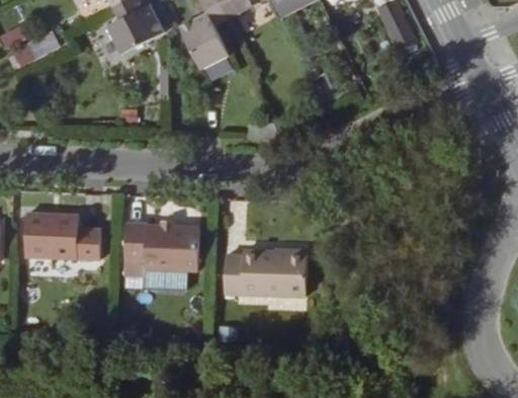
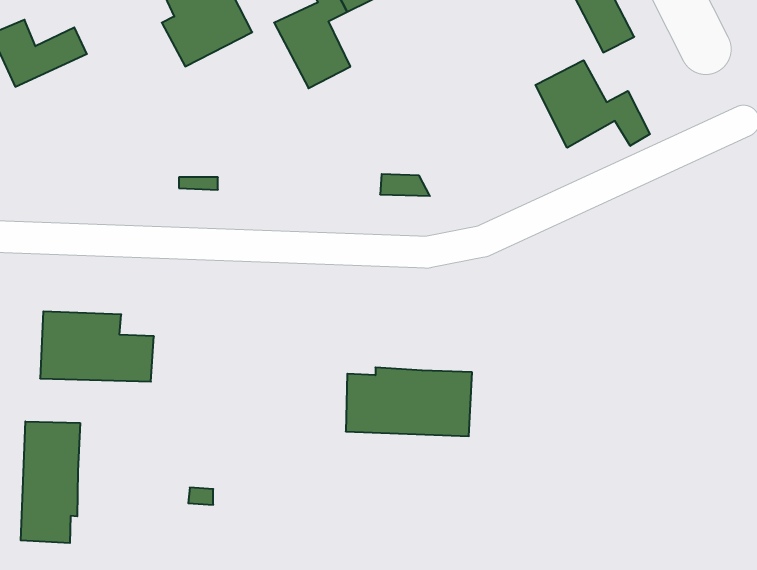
building: none -> [535,60,650,148]
building: [124,222,198,268] -> none
building: none -> [21,421,80,543]

